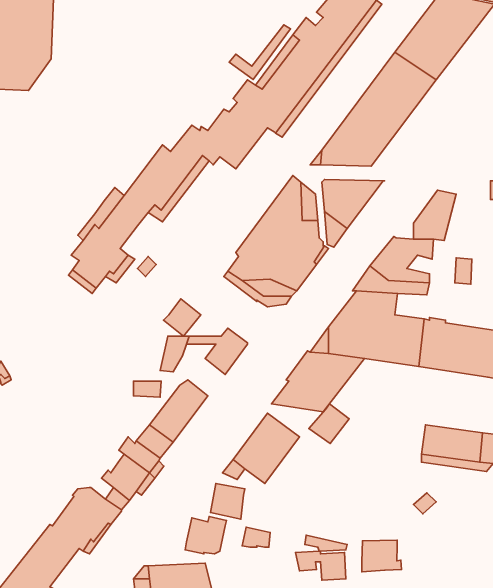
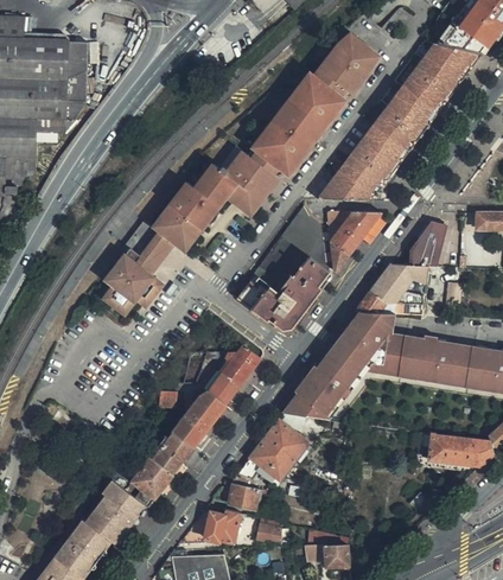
building: [229,25,290,79] -> [230,165,285,213]
building: [164,299,201,336] -> [208,371,241,404]
building: [309,404,349,443] -> none
building: [362,540,402,572] -> none

